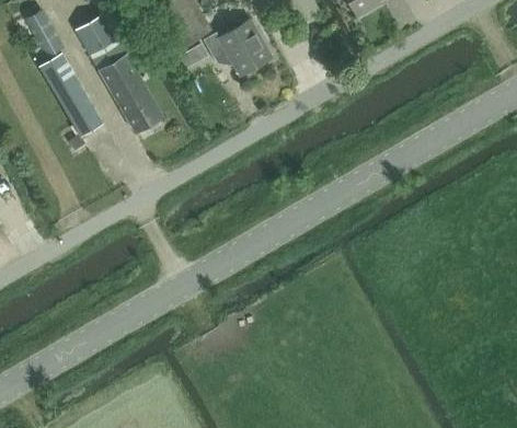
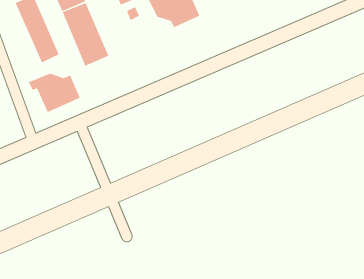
building: none -> [28,73,80,113]

